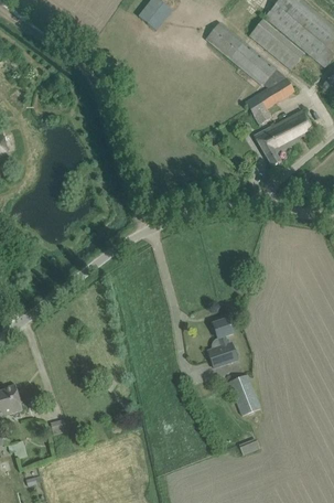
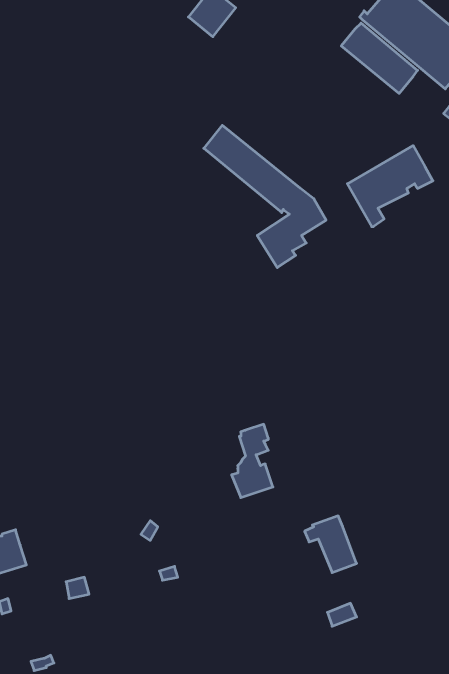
building: [205,22,293,125] -> [204,125,326,268]
building: [206,313,236,366] -> [232,424,273,498]

